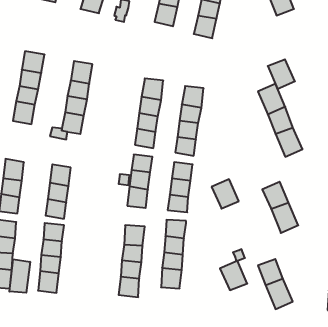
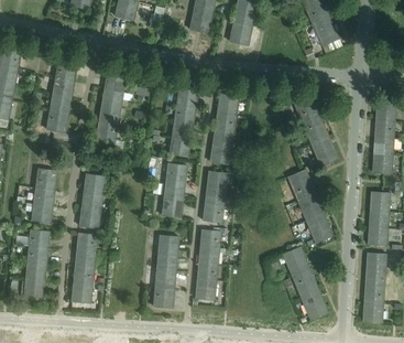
building: [268,59,295,89] -> [312,15,339,45]
building: [212,179,239,209] -> [287,169,315,199]
building: [9,259,30,293] -> none
building: [220,261,247,290] -> [283,246,310,276]

